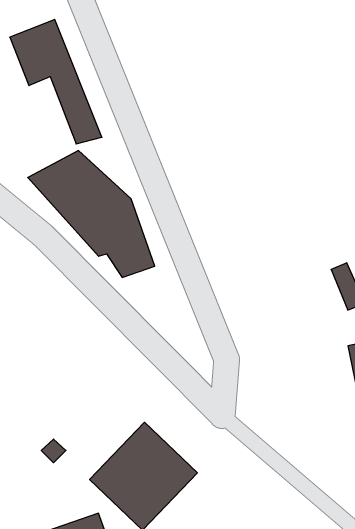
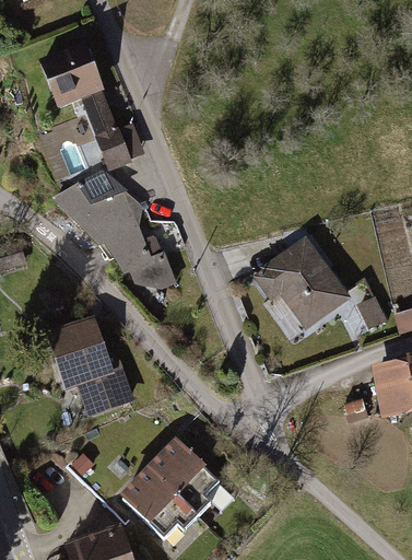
building: none -> [255,240,352,334]
building: none -> [49,318,134,421]

